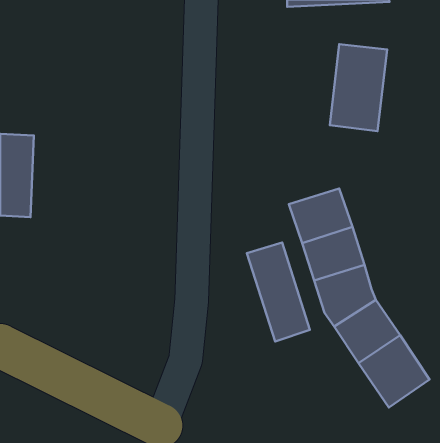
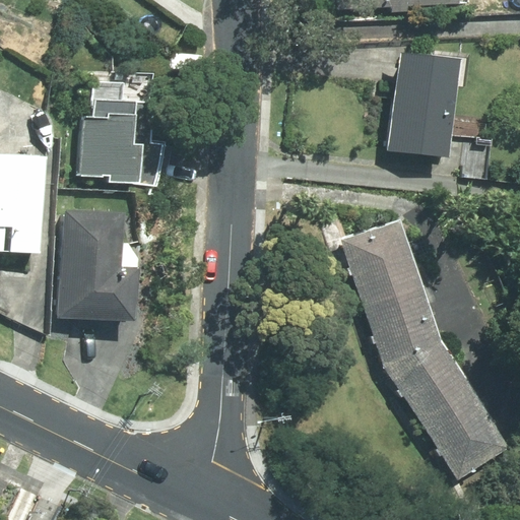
building: none -> [74,71,147,189]
building: none -> [61,210,136,318]
building: [247,243,310,341] -> none

